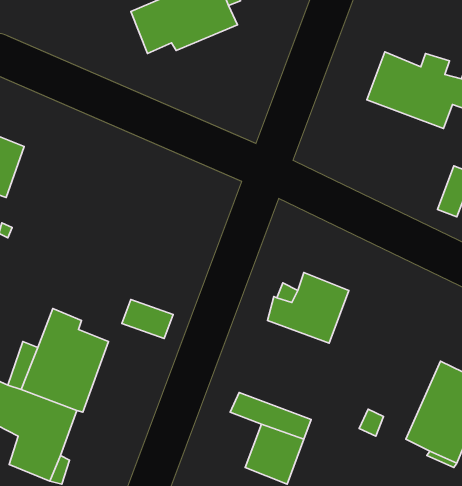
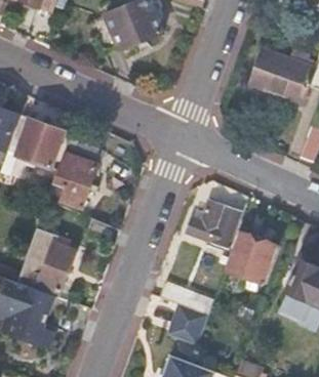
building: none -> [8,115,63,166]
building: none -> [52,123,101,208]
building: none -> [227,233,274,282]

